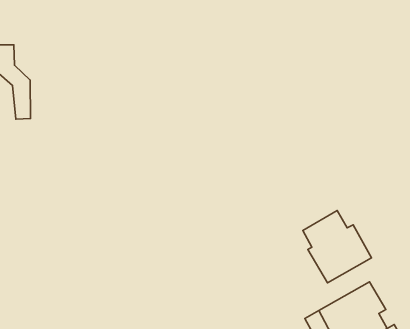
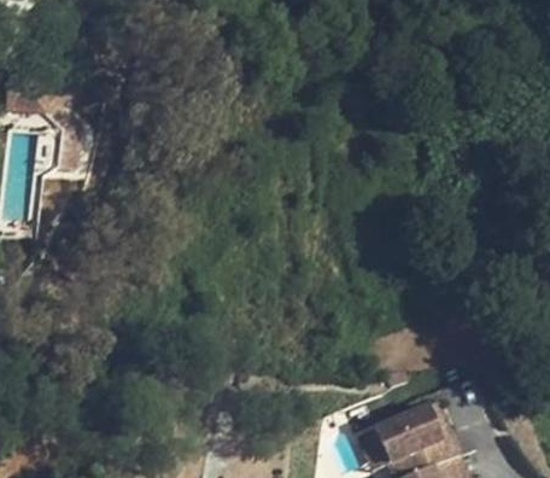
building: [303,211,372,283] -> none

